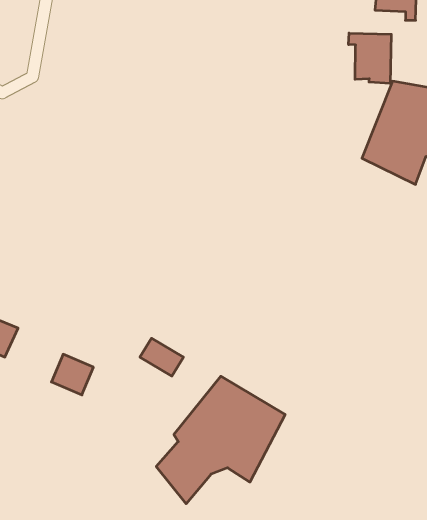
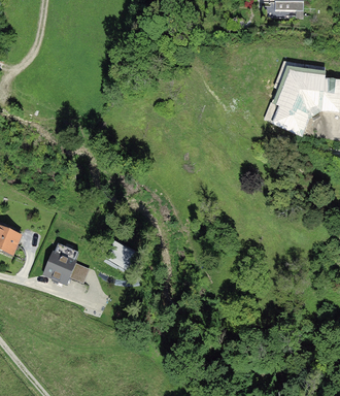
building: [349,33,391,83] -> none
building: [156,376,285,504] -> none

